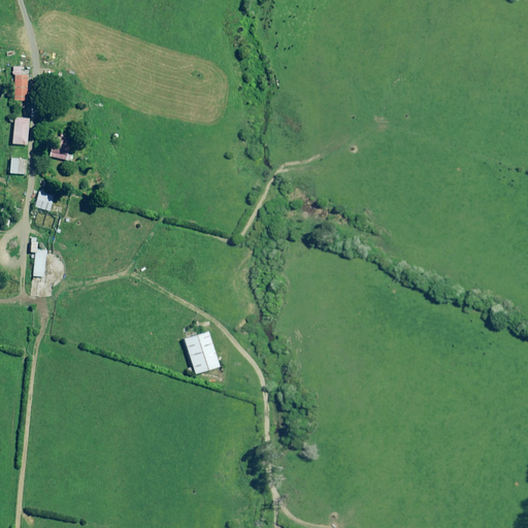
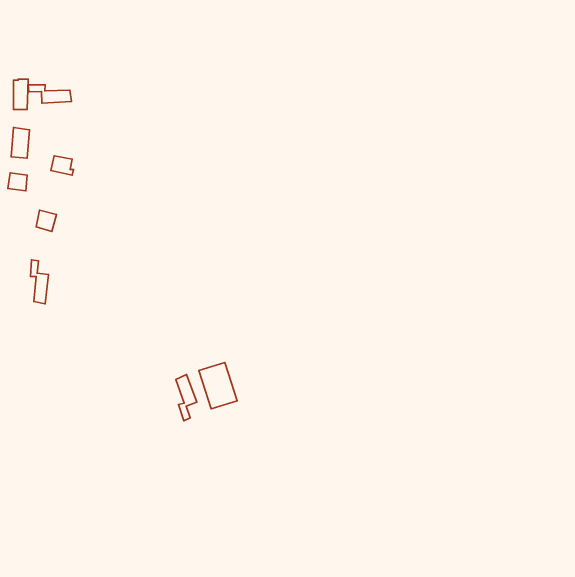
building: none -> [28,85,72,103]
building: none -> [176,374,197,421]

